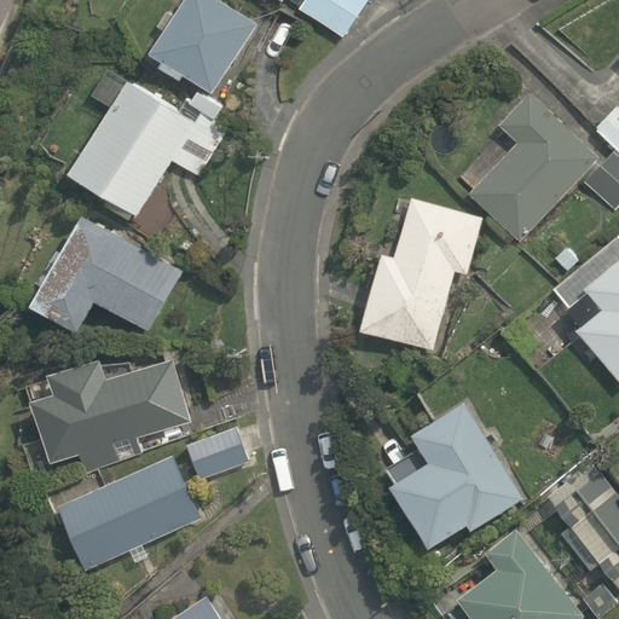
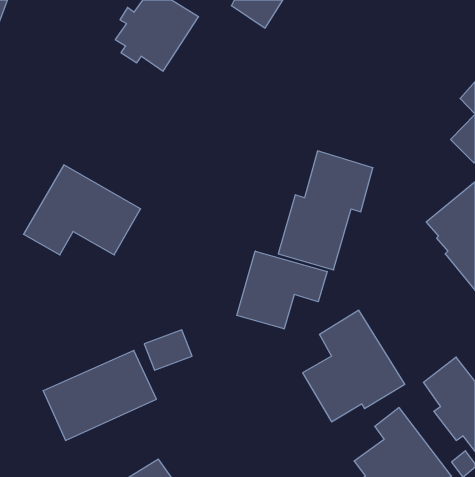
building: [69,80,226,216] -> none
building: [467,93,597,244] -> none
building: none -> [237,251,327,329]
building: [31,358,189,475] -> none

